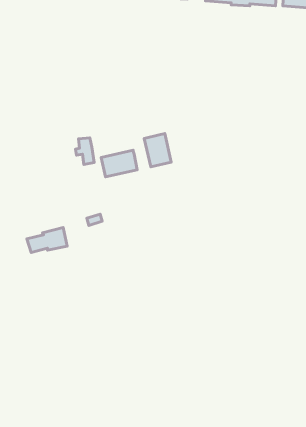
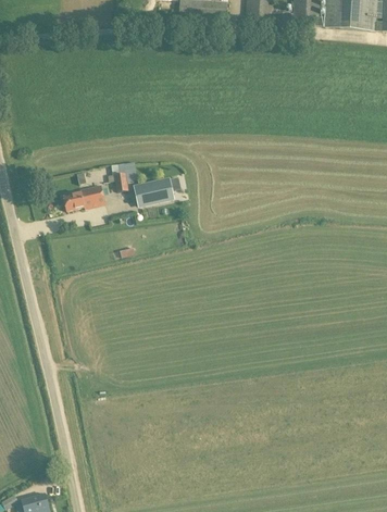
building: [144,134,171,167] -> none
building: [27,228,67,252] -> [62,184,104,210]

